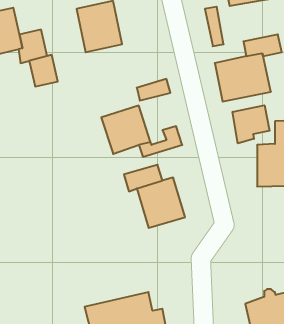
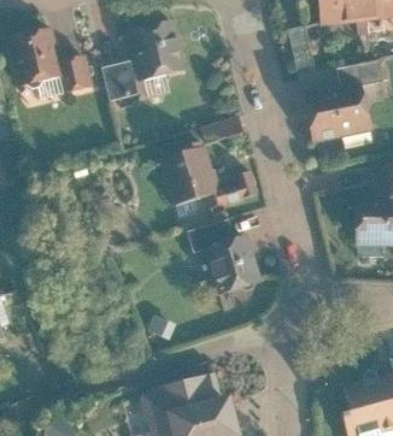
building: [29,55,58,86] -> [102,60,137,99]
building: [233,105,270,143] -> none

